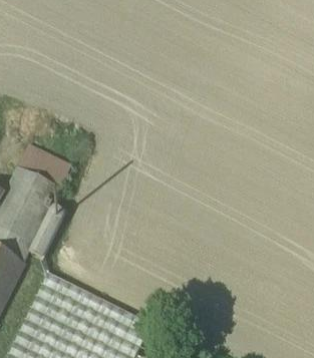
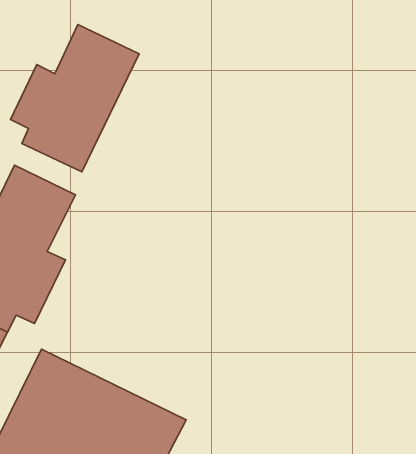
building: none -> [10,25,139,172]

